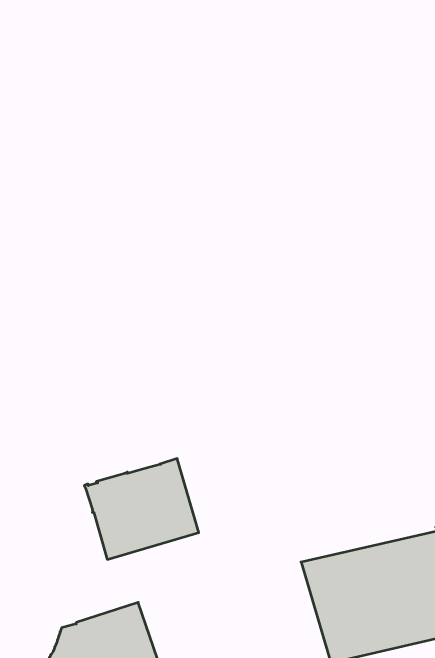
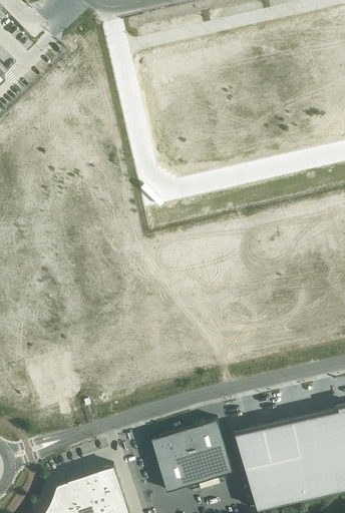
building: [84,459,199,559] -> [149,418,235,493]

